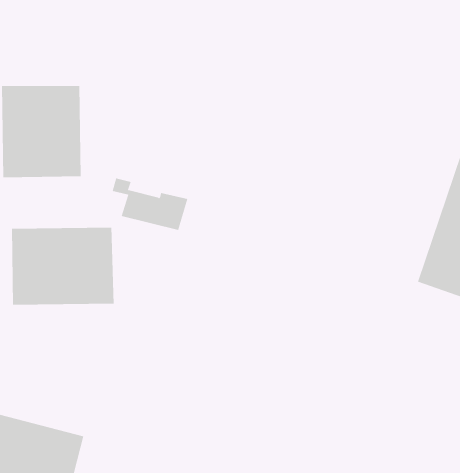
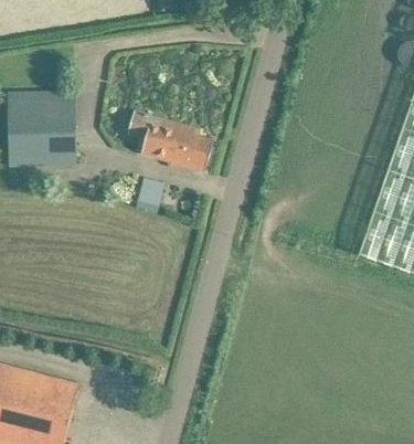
building: none -> [127,112,214,172]
building: [12,227,114,306] -> none

